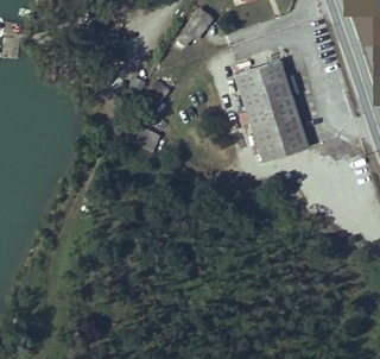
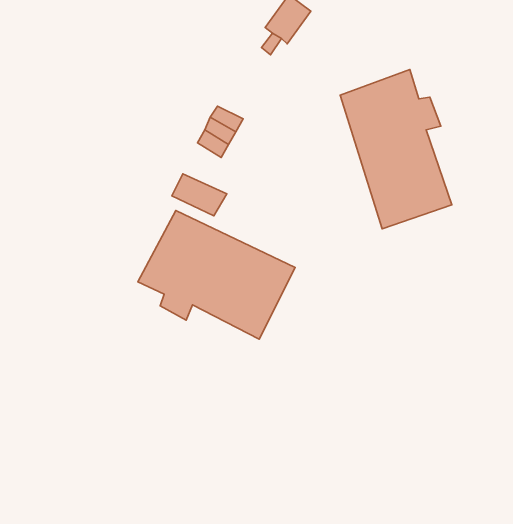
building: none -> [138,211,295,339]

